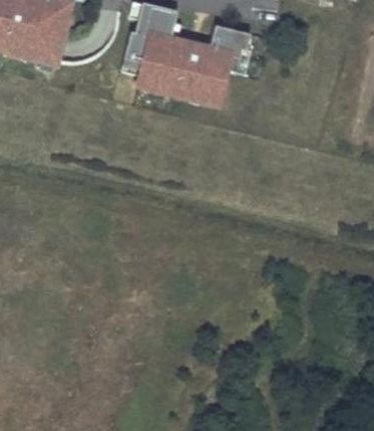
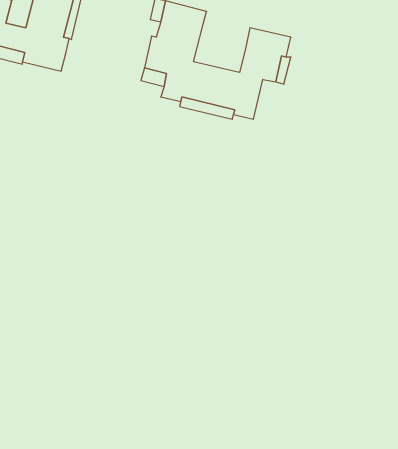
building: [167,22,212,63] -> none

